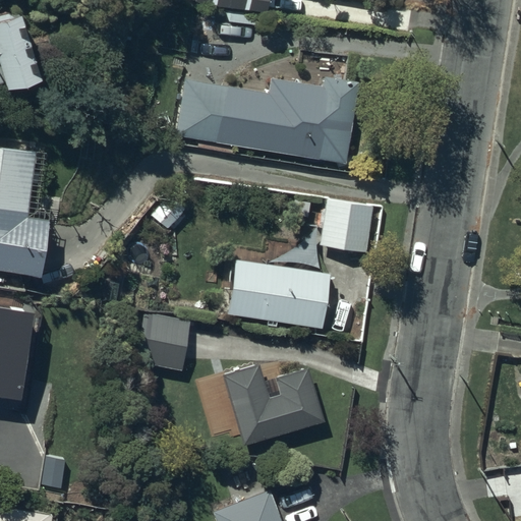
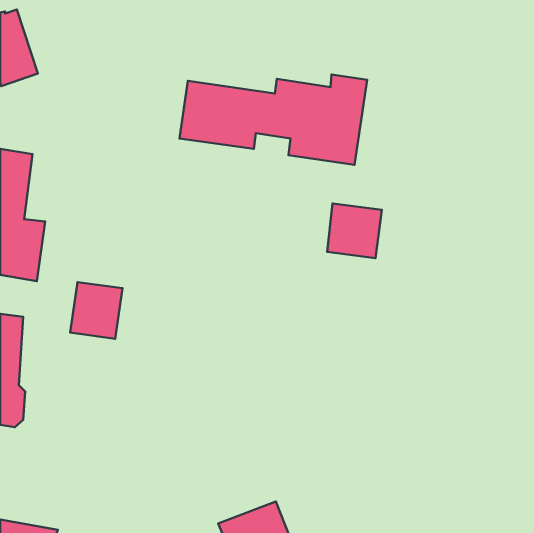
building: [227,259,331,329] -> none
building: [138,314,189,369] -> [70,282,123,339]
building: [221,364,324,447] -> none

